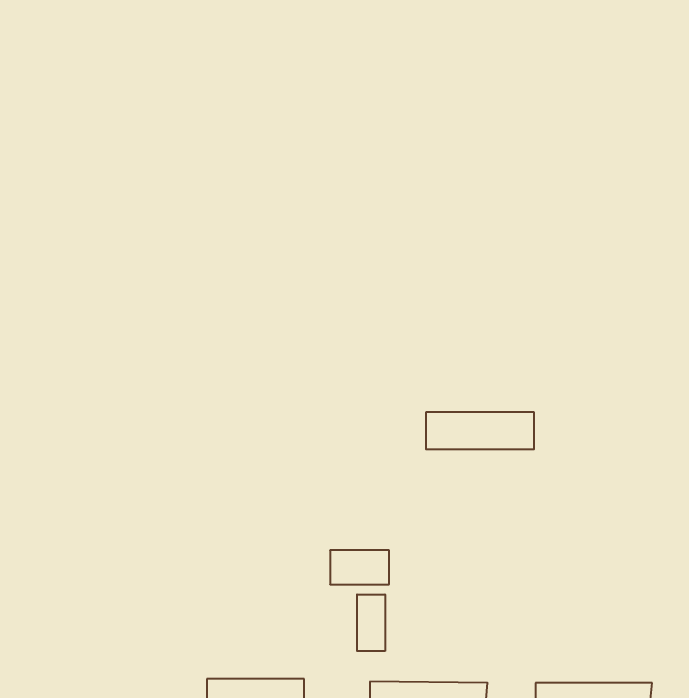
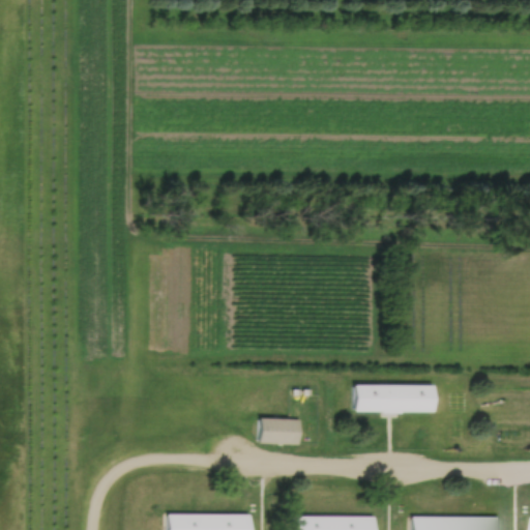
building: [426,412,534,449] -> [354,384,436,412]
building: [357,594,385,651] -> none

